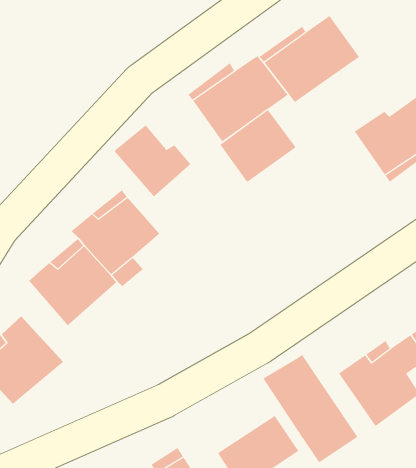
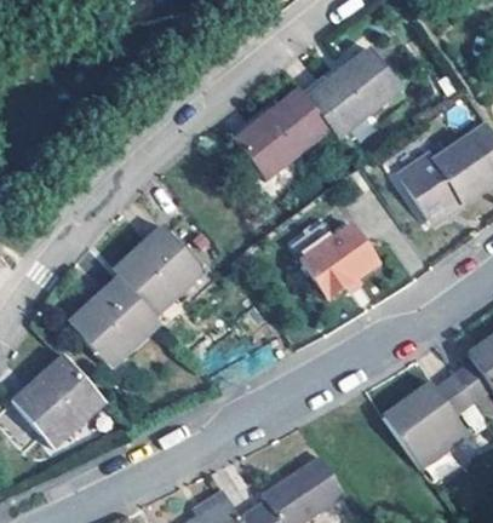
building: [219,109,297,183] -> [304,224,383,299]
building: [114,125,191,197] -> none
building: [263,354,358,463] -> none

